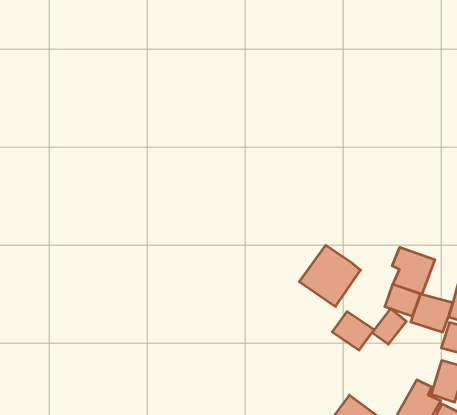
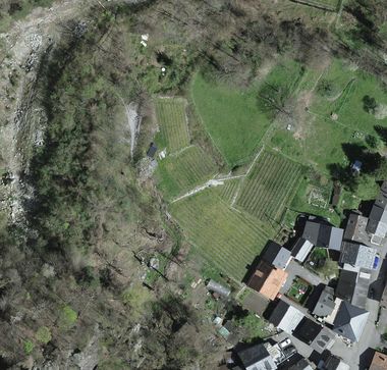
building: [299,245,361,306] -> [246,257,289,300]
building: [392,247,435,294] -> none

